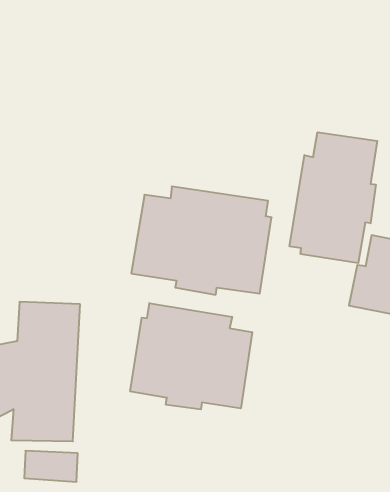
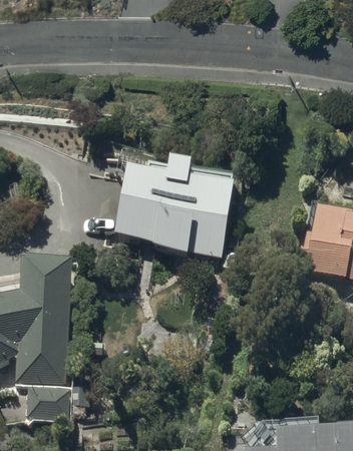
building: [290,132,377,263] -> none
building: [130,303,252,409] -> none

